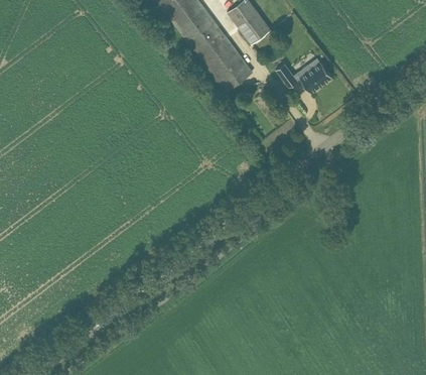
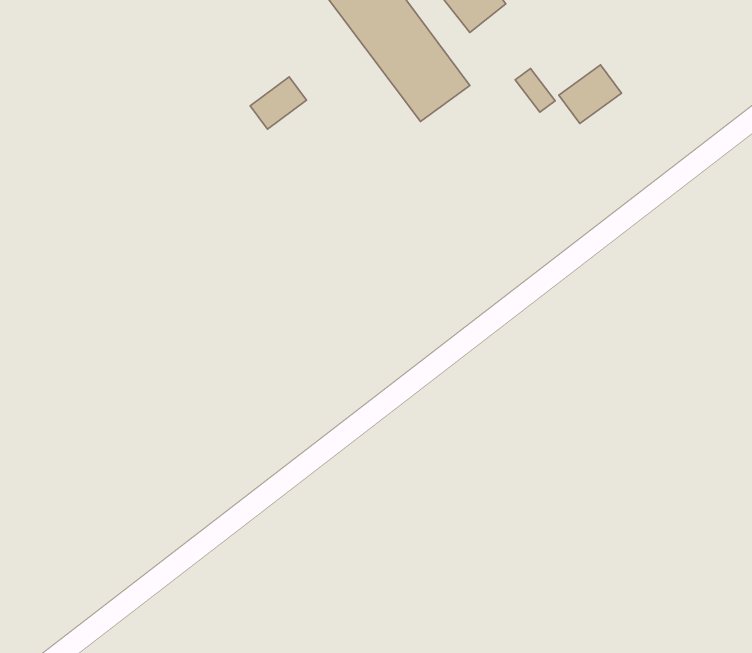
building: none -> [250,77,306,129]

